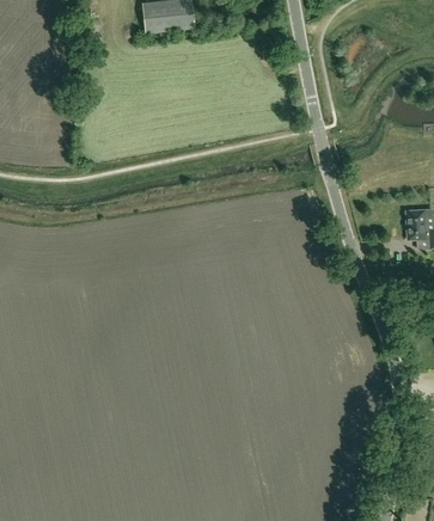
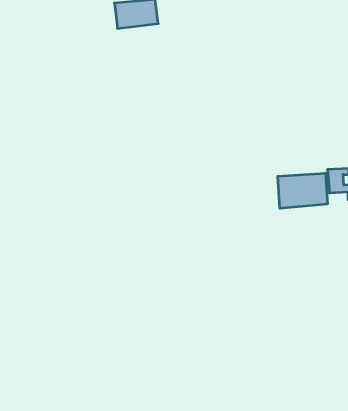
building: none -> [278,173,327,208]

